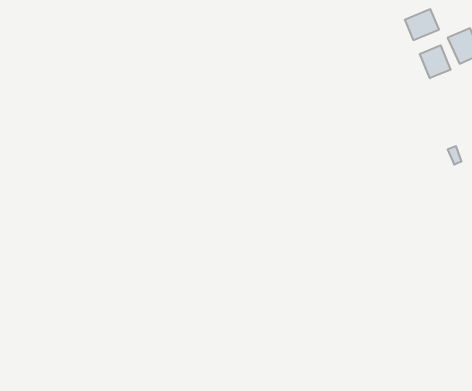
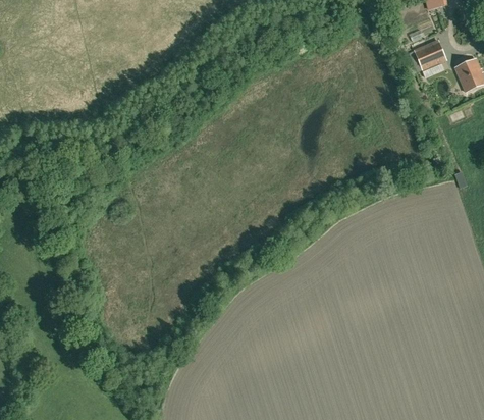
building: [420,45,451,78] -> none

